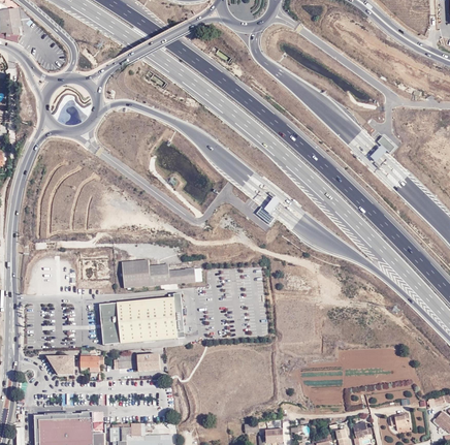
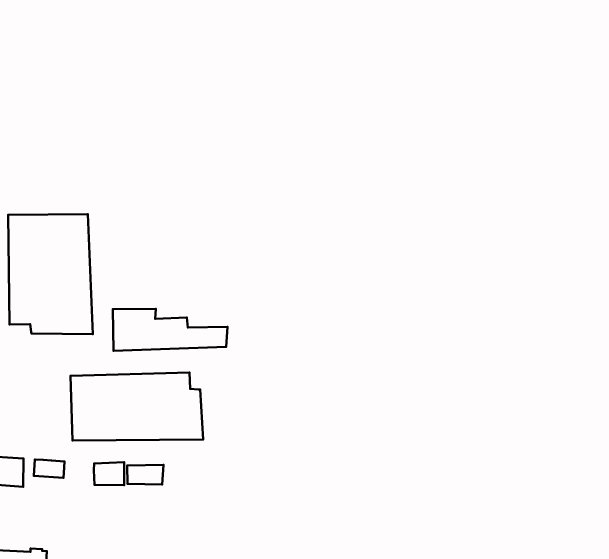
building: none -> [8,214,93,334]

